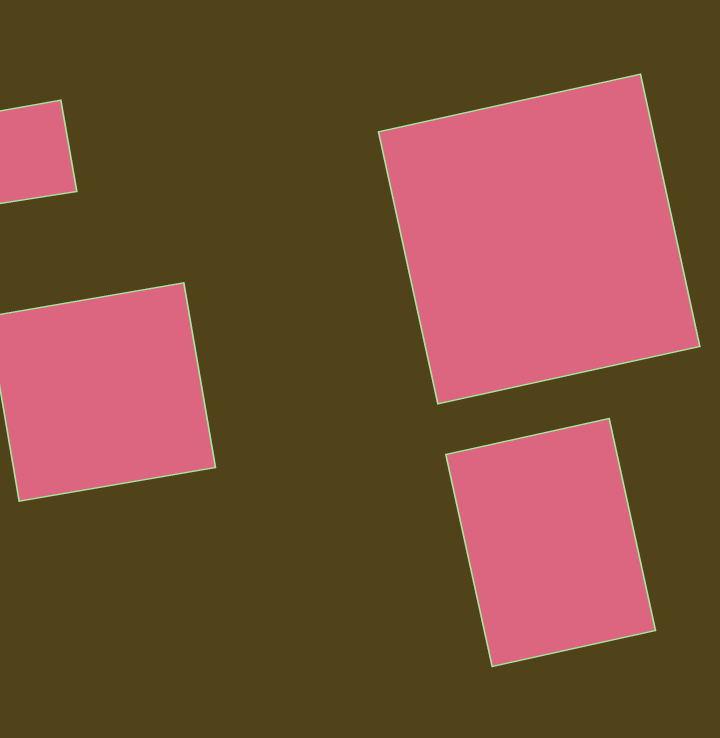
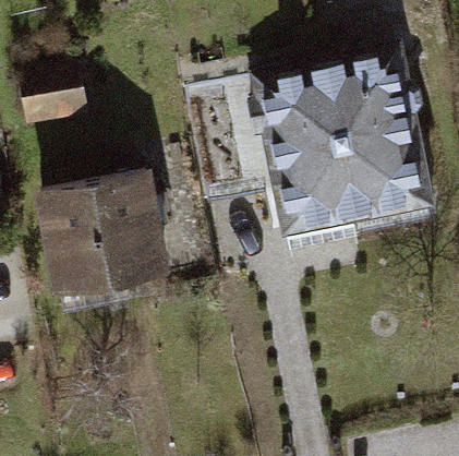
building: [446,419,655,666] -> none

